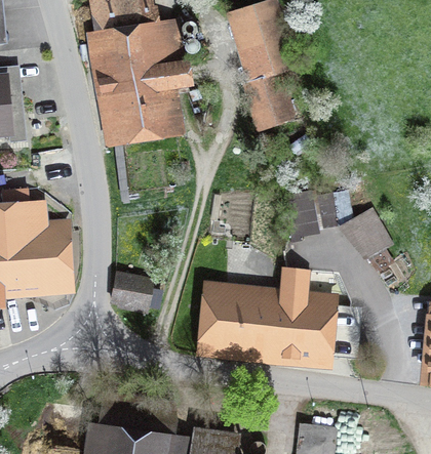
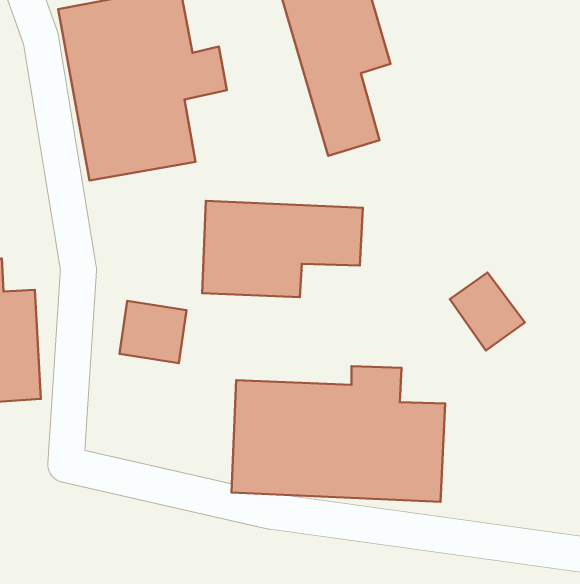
building: none -> [202,201,363,297]
building: [111,272,155,313] -> [119,301,187,363]

